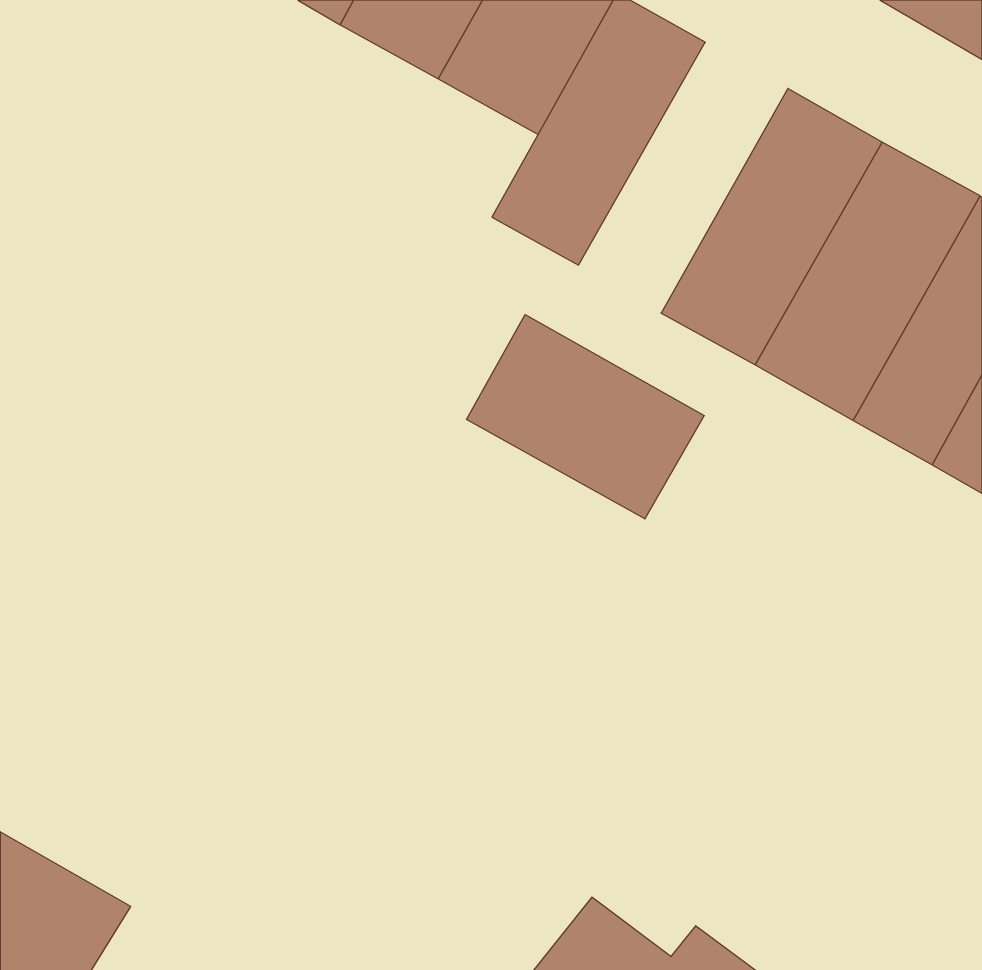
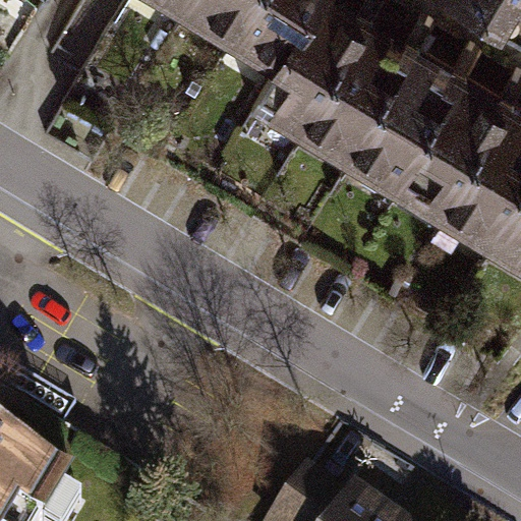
building: none -> [306,28,417,172]
building: [467,315,704,519] -> none

